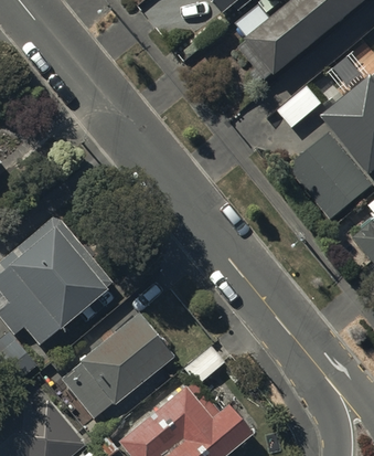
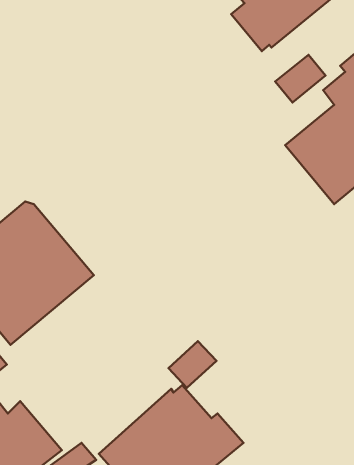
building: [58,314,173,420] -> none

